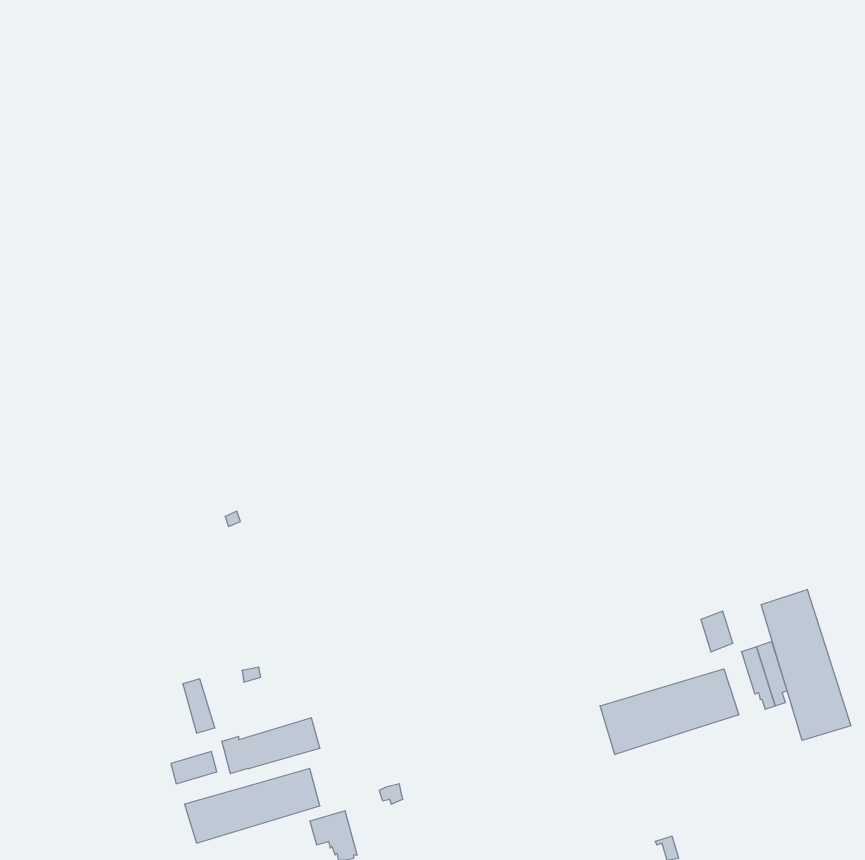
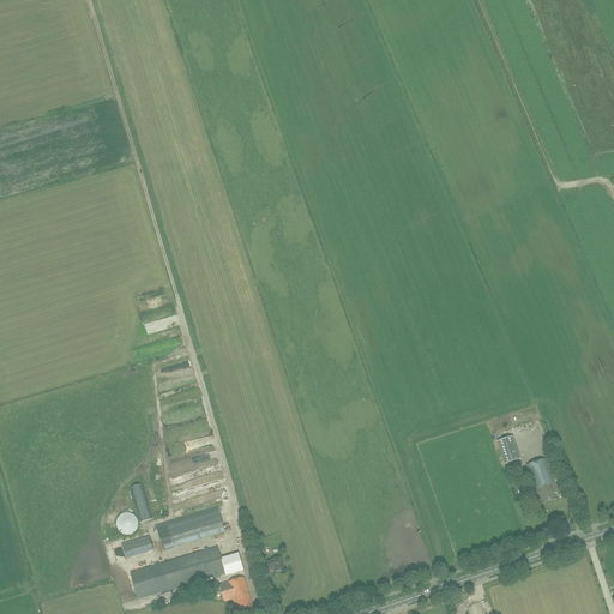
building: [761,589,851,740] -> none
building: [600,669,739,755] -> none

